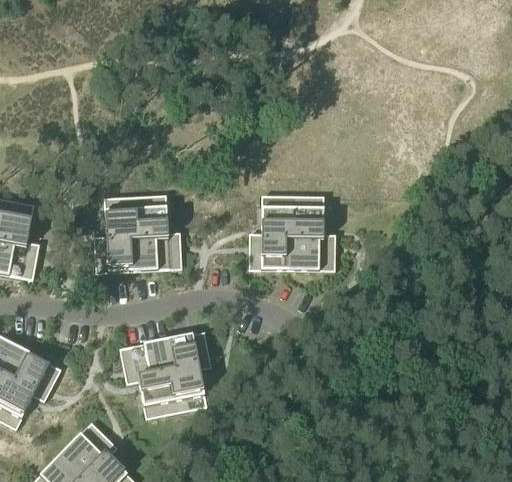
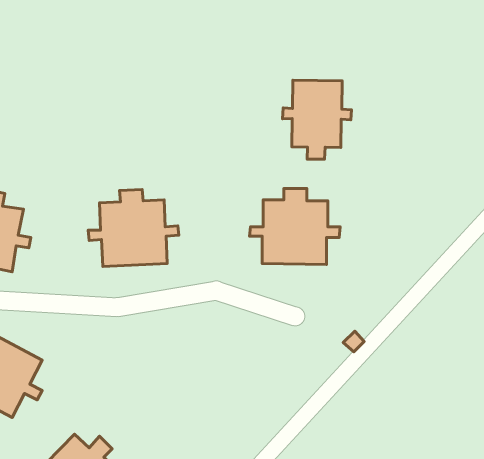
building: none -> [283,80,351,159]
building: [124,333,210,412] -> none

